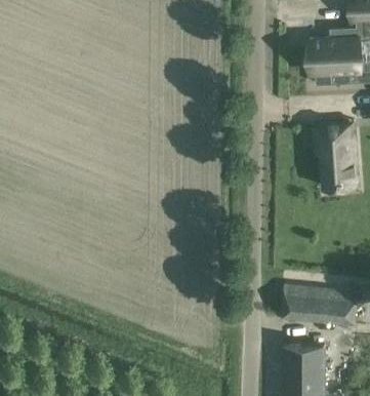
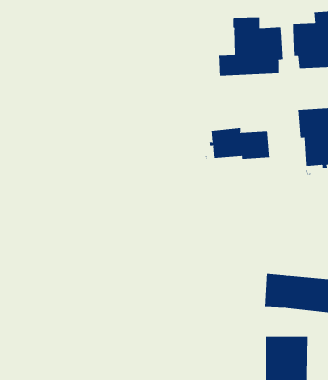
building: none -> [218,17,283,76]
building: none -> [205,127,270,160]

